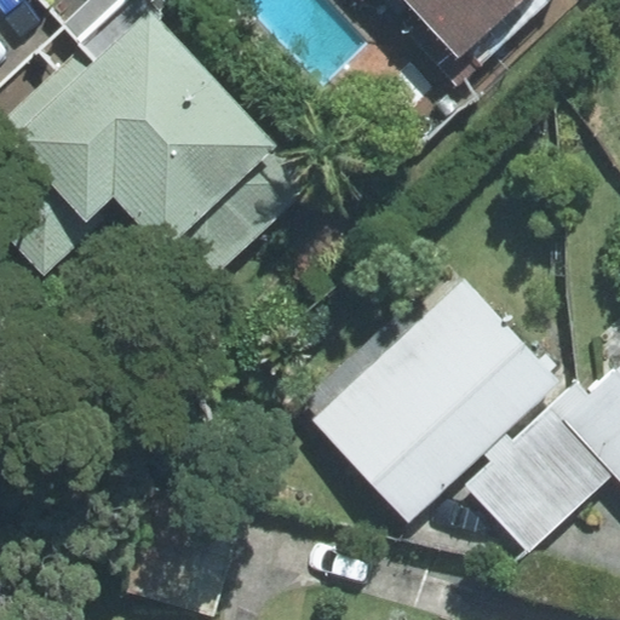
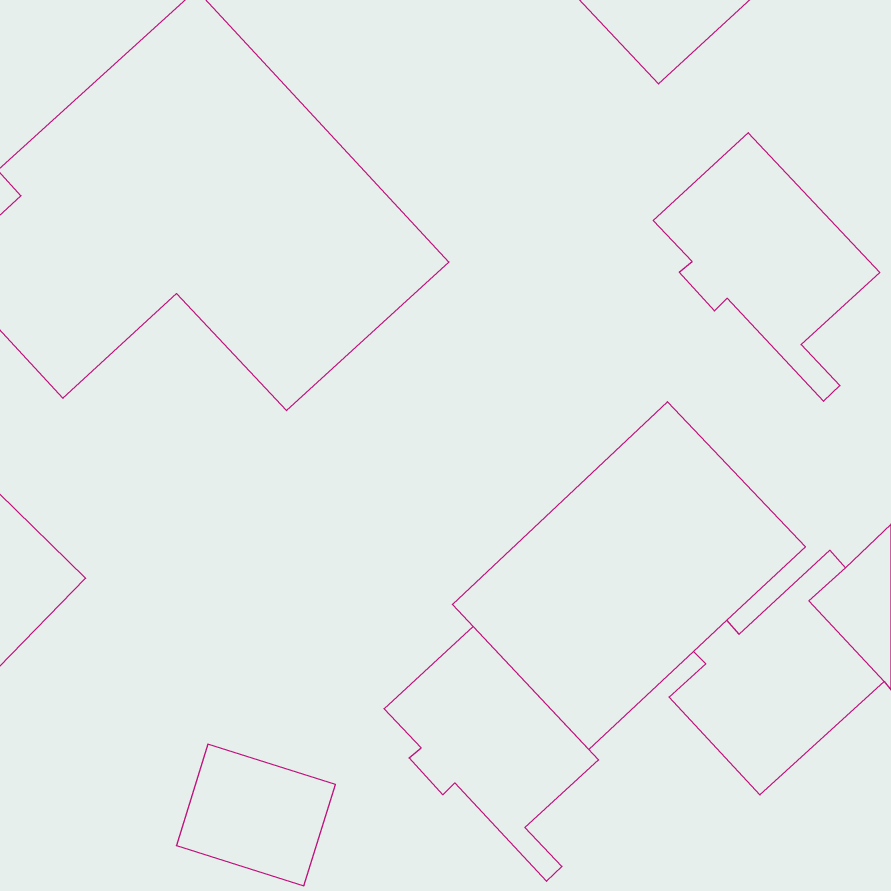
building: none -> [653,133,880,401]
building: none -> [384,626,599,881]

